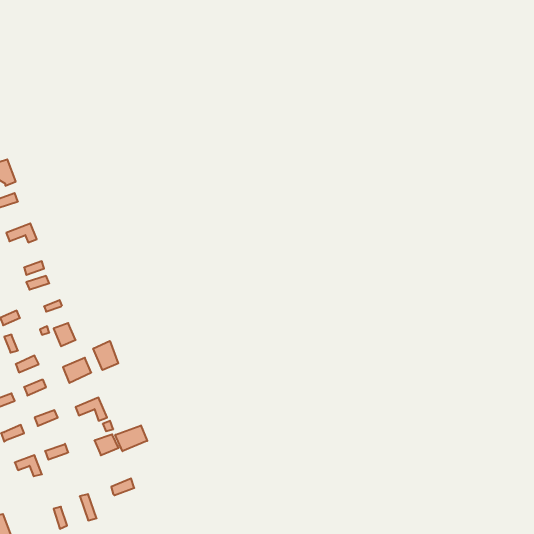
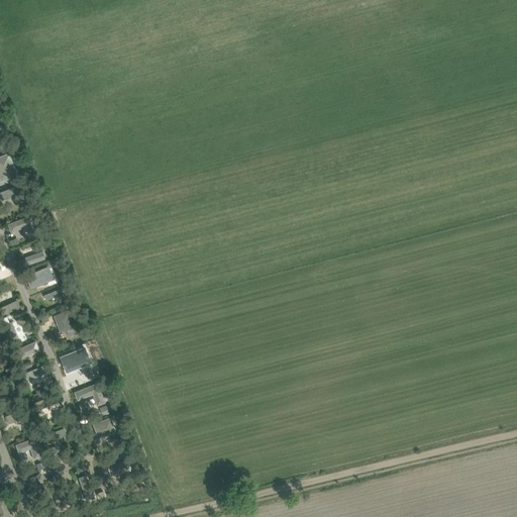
building: [93,341,118,370] -> none
building: [115,425,147,451] -> none

